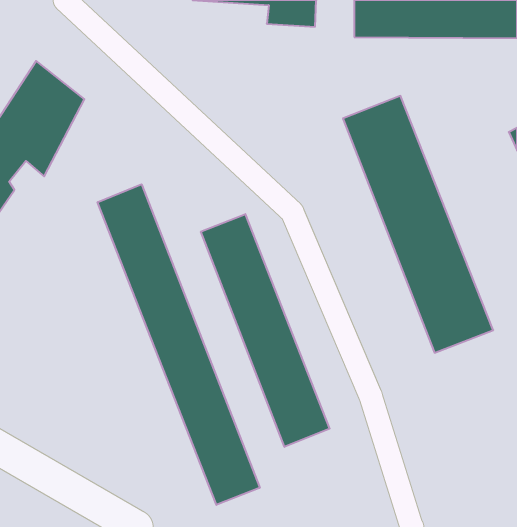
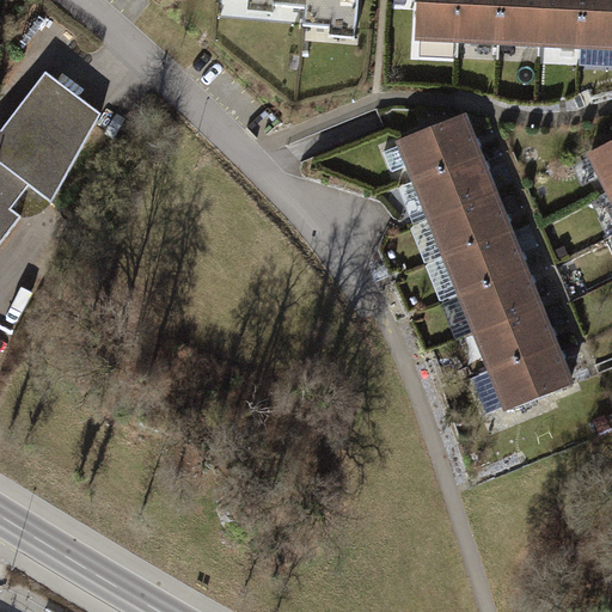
building: [98,184,260,505] -> none
building: [201,214,330,447] -> none

